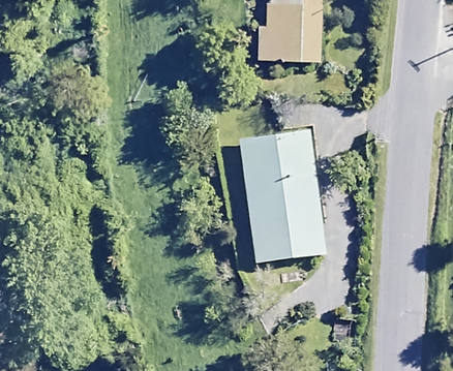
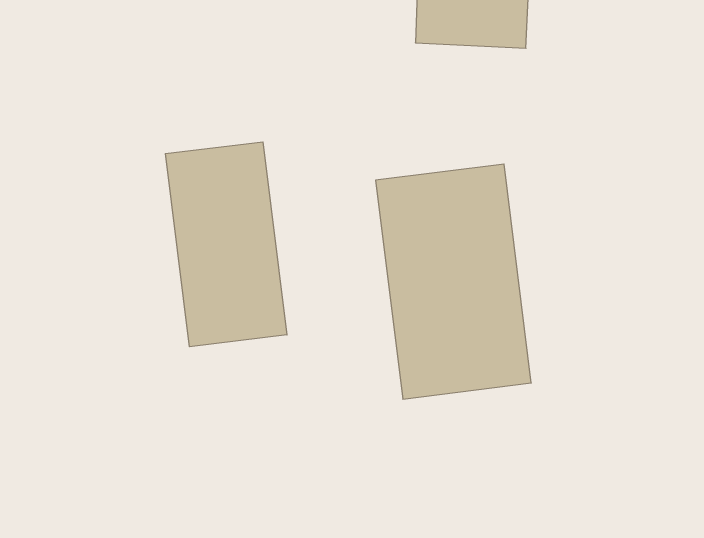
building: none -> [165,142,287,347]

